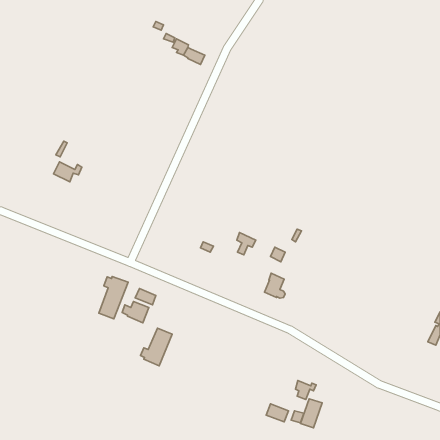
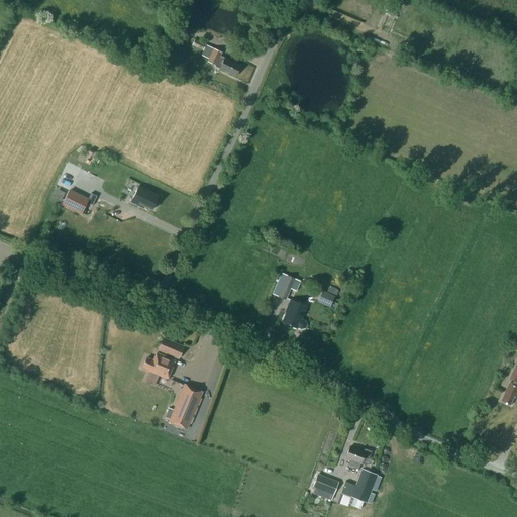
building: none -> [130,186,161,209]
building: [264,273,285,298] -> [283,299,307,328]
building: [99,276,128,319] -> none

